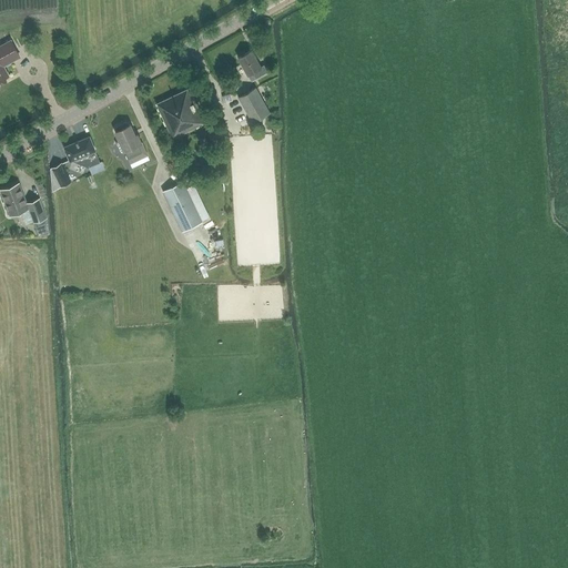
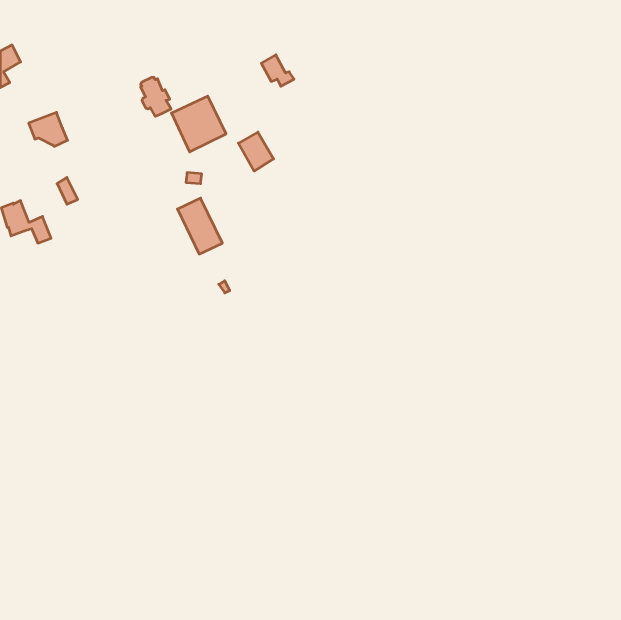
building: [239,89,271,124] -> [238,132,274,171]
building: [115,124,143,160] -> [141,77,171,116]
building: [64,138,100,169] -> [29,112,68,146]

